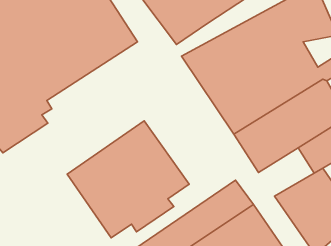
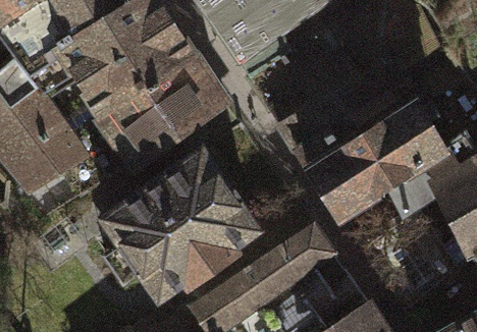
building: none -> [81,60,225,185]

